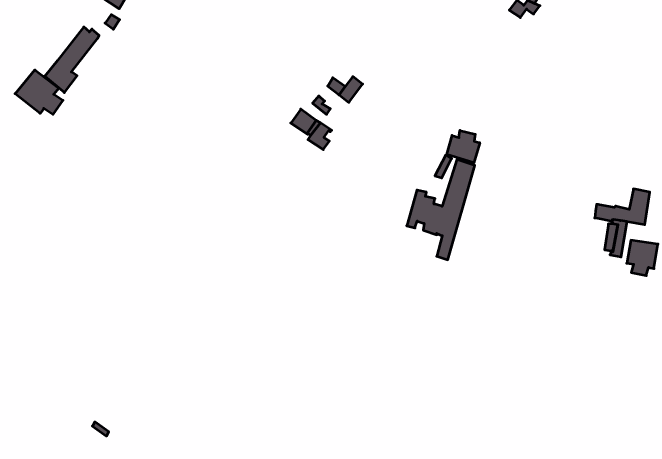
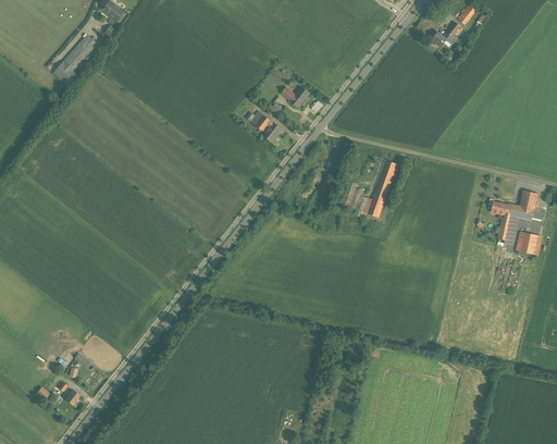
building: [15,70,63,114] -> none
building: [447,130,480,163] -> none

